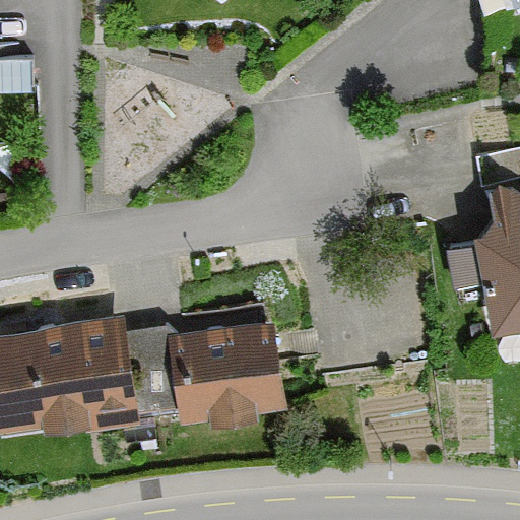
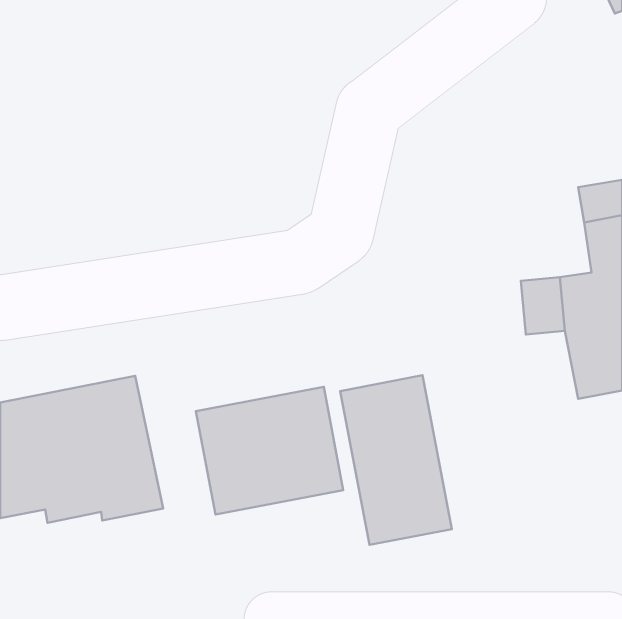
building: none -> [340,375,452,545]

